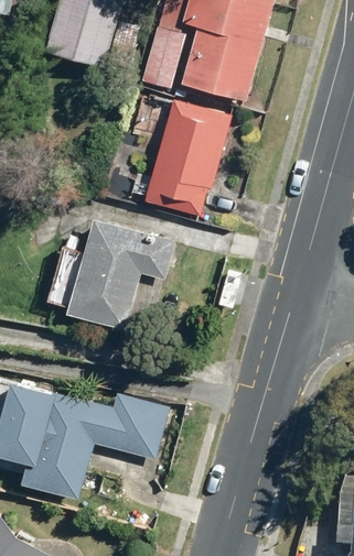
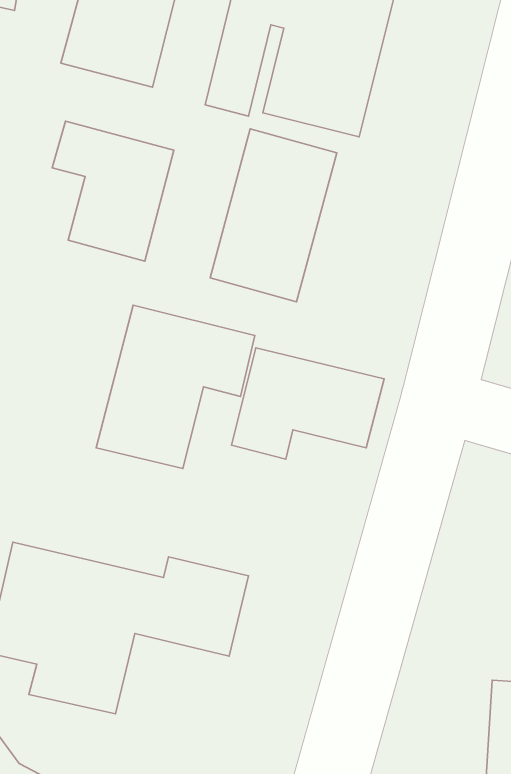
building: none -> [52,121,174,261]
building: none -> [232,348,384,459]

